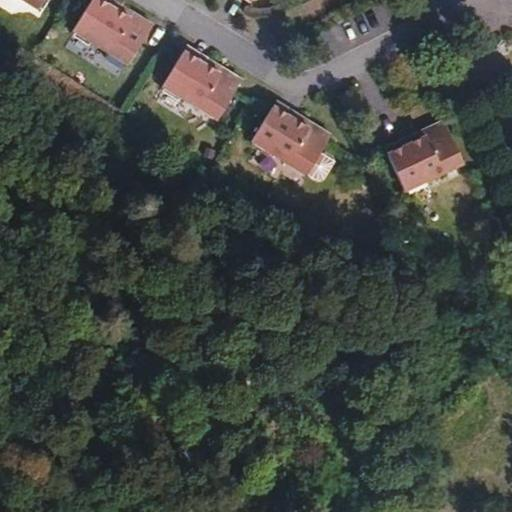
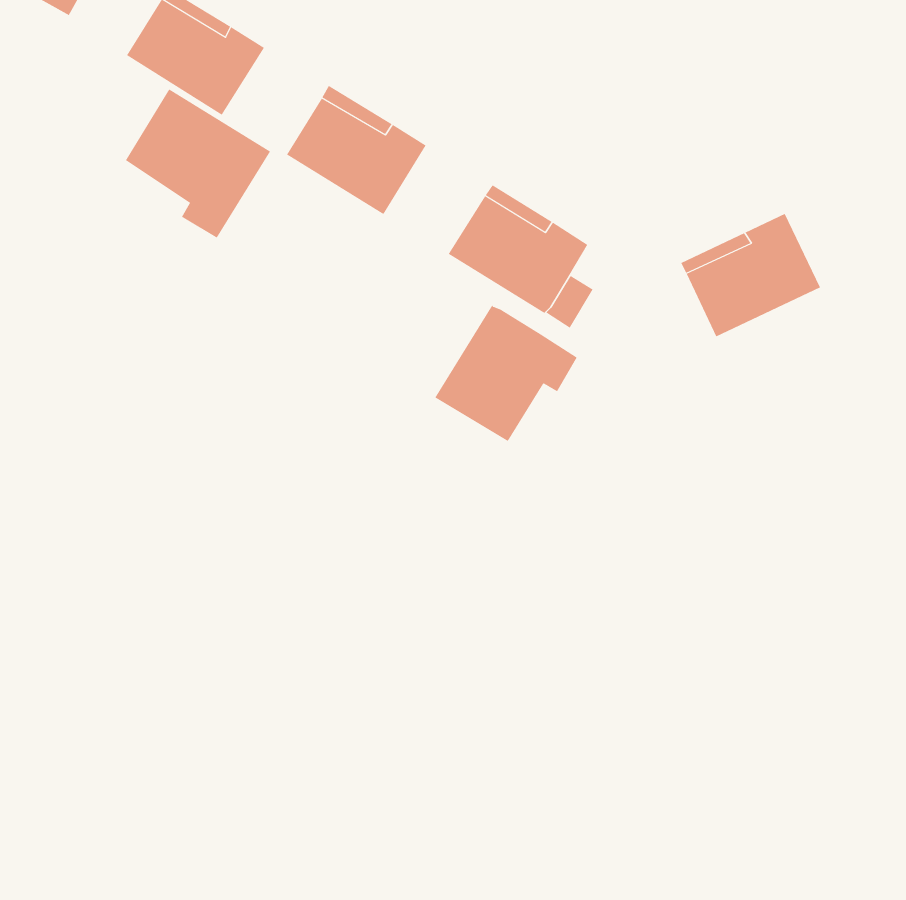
building: none -> [125,88,271,238]
building: none -> [435,304,577,442]

